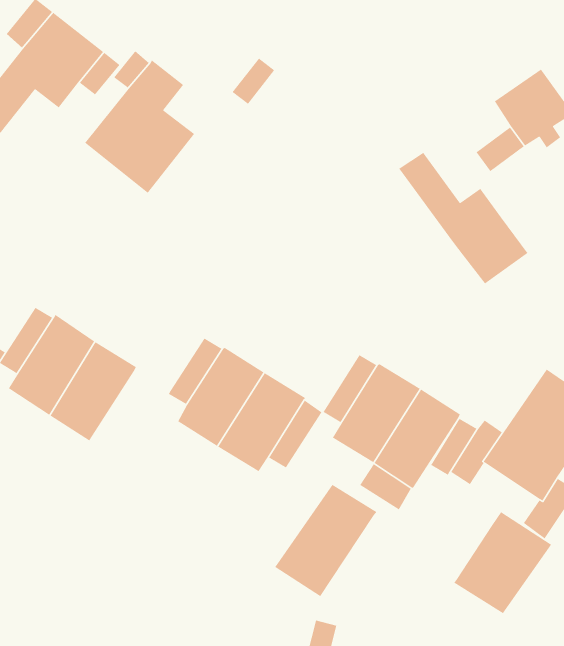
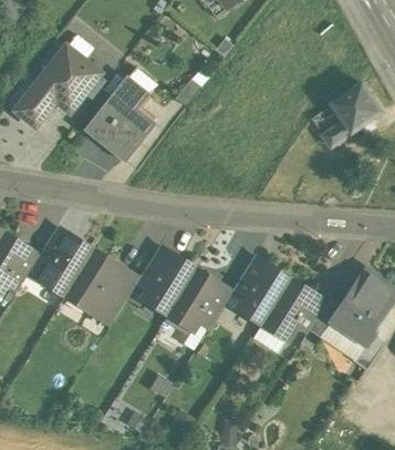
building: [398,152,529,284] -> none
building: none -> [89,267,137,324]
building: [274,484,377,597] -> none
building: [453,511,552,614] -> none

